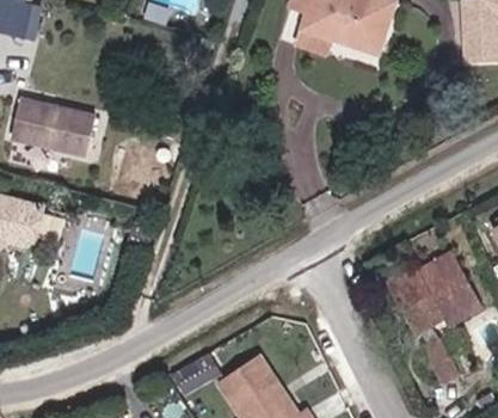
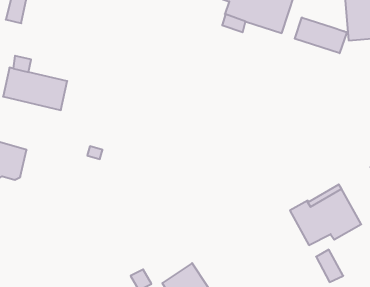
building: none -> [295,17,347,53]

